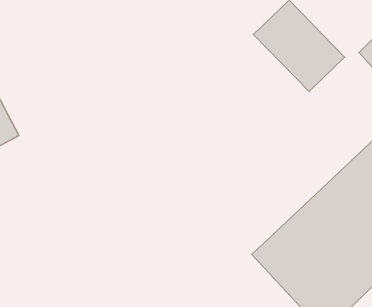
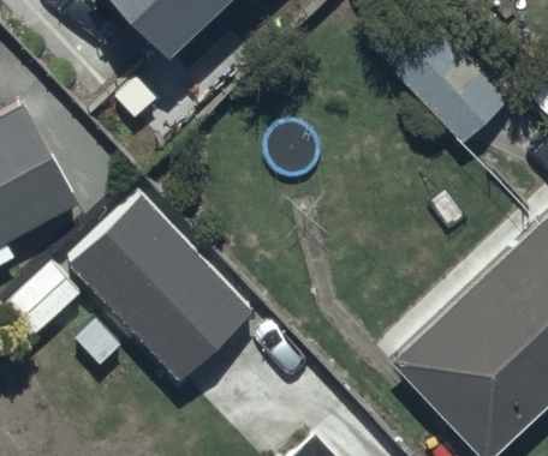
building: none -> [73,188,233,349]

